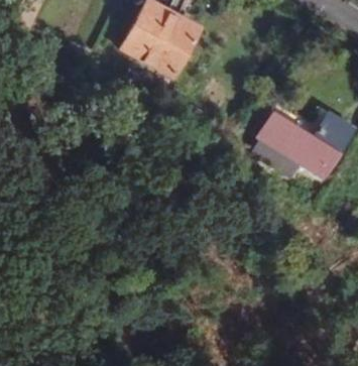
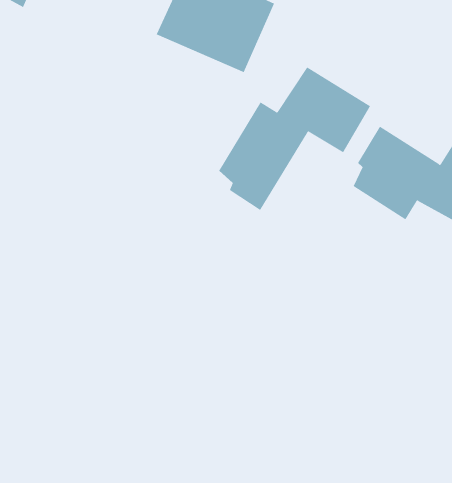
building: none -> [218,66,371,211]

